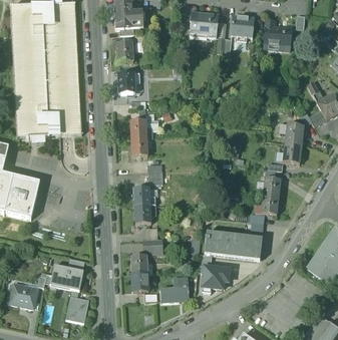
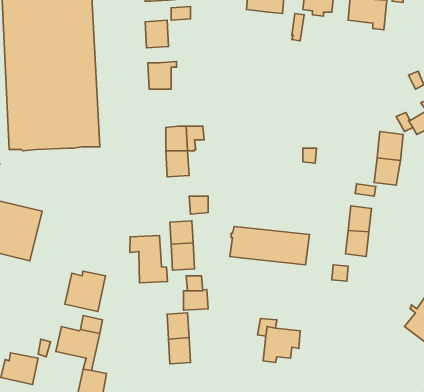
building: none -> [130,235,168,283]
building: none -> [65,271,106,311]
building: [204,231,262,259] -> [230,226,310,265]
building: [159,277,188,302] -> none

